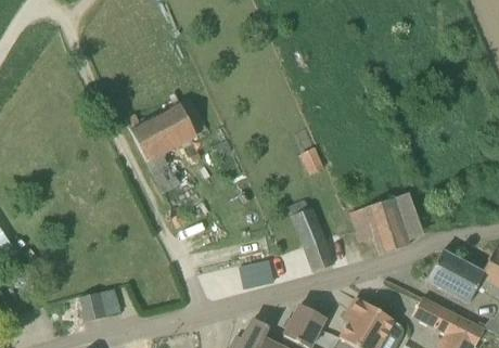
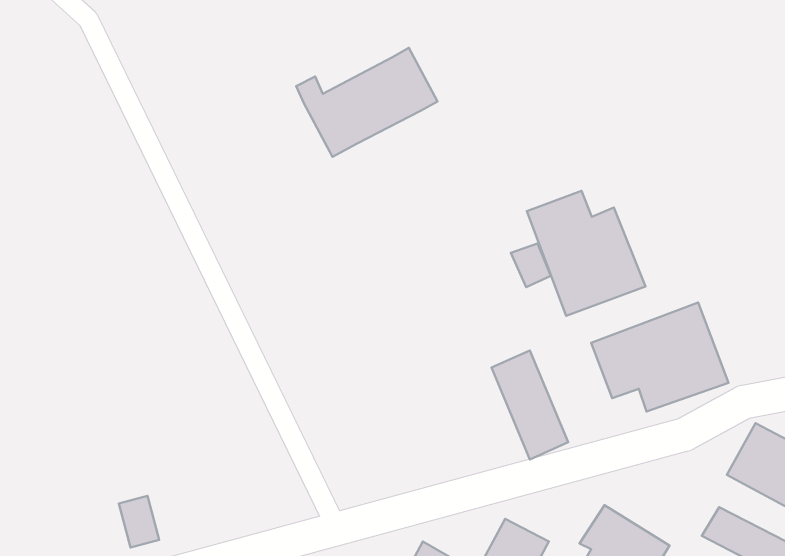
building: [126,99,206,160] -> [296,48,438,157]
building: none -> [527,191,645,316]
building: [240,255,277,286] -> none

